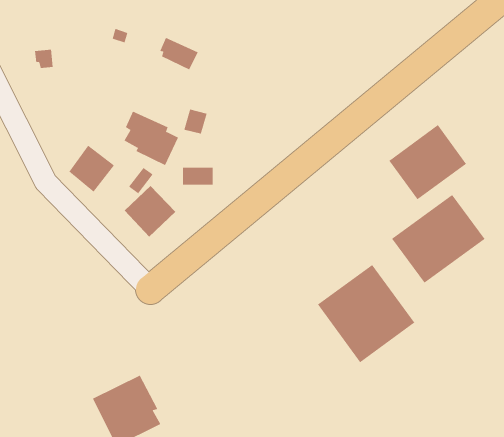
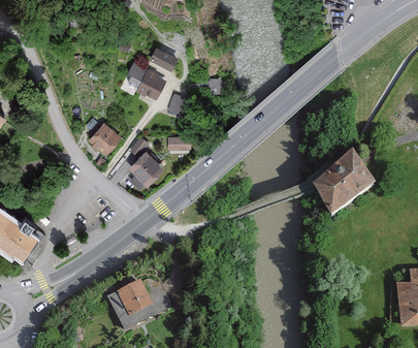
building: [124,111,179,166] -> [127,61,165,99]
building: [388,124,467,200] -> none
building: [317,264,415,363] -> none

